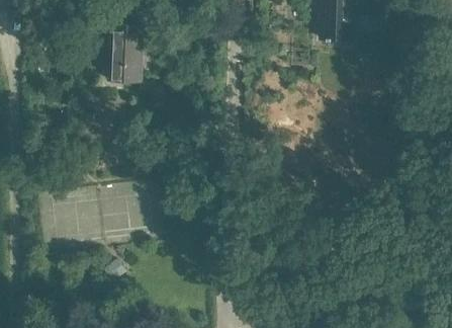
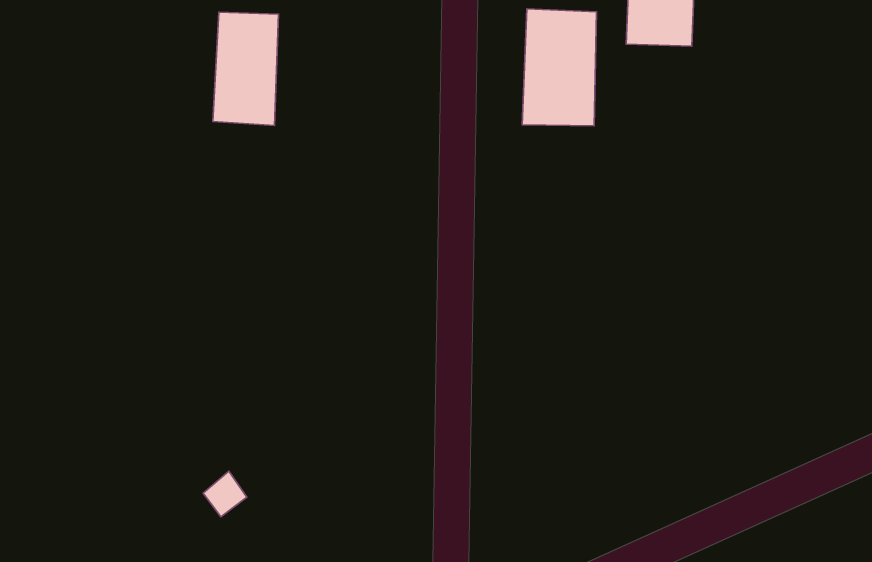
building: none -> [522,9,596,126]

